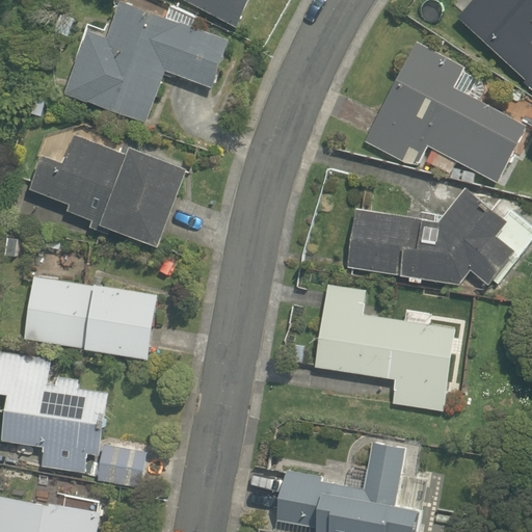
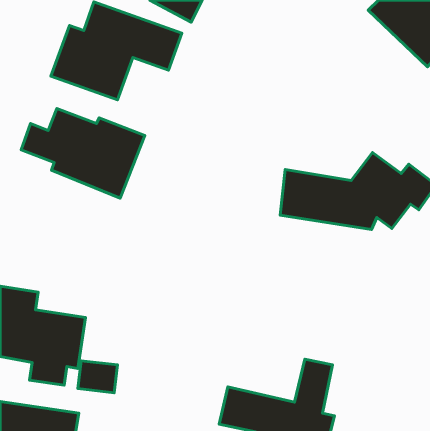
building: [366,45,525,181] -> none
building: [20,272,153,357] -> none
building: [316,283,454,411] -> none

